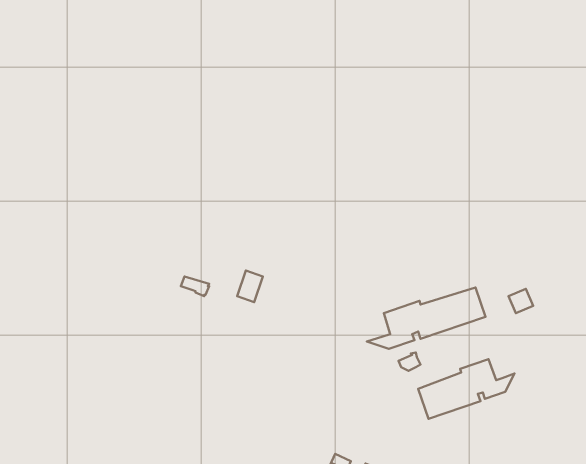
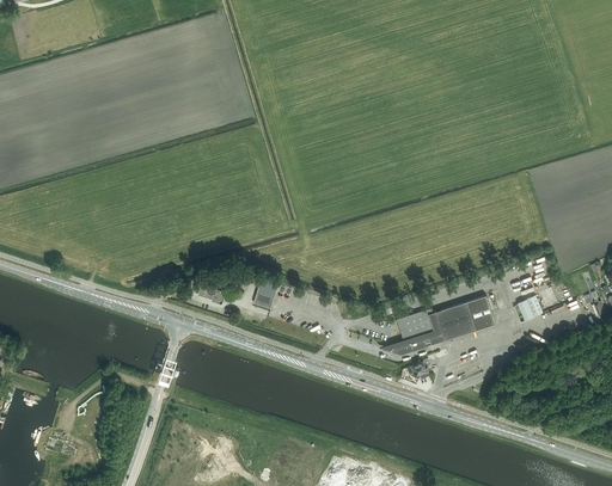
building: [418,359,515,419] -> none

